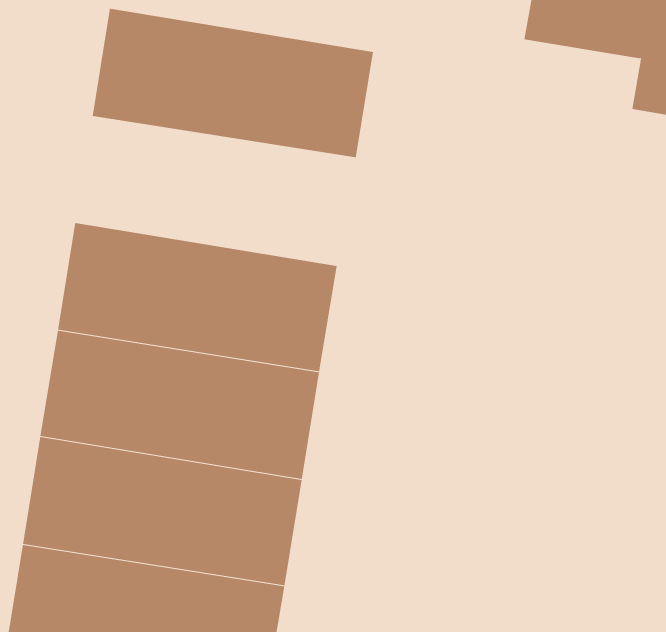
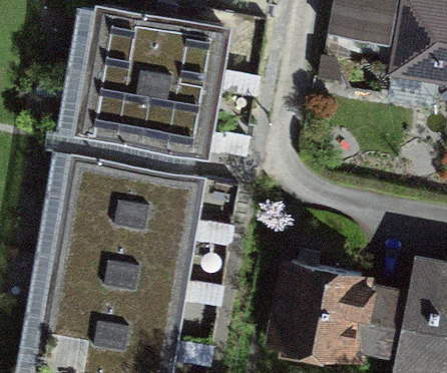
building: none -> [60,70,222,156]
building: none -> [287,270,379,357]

